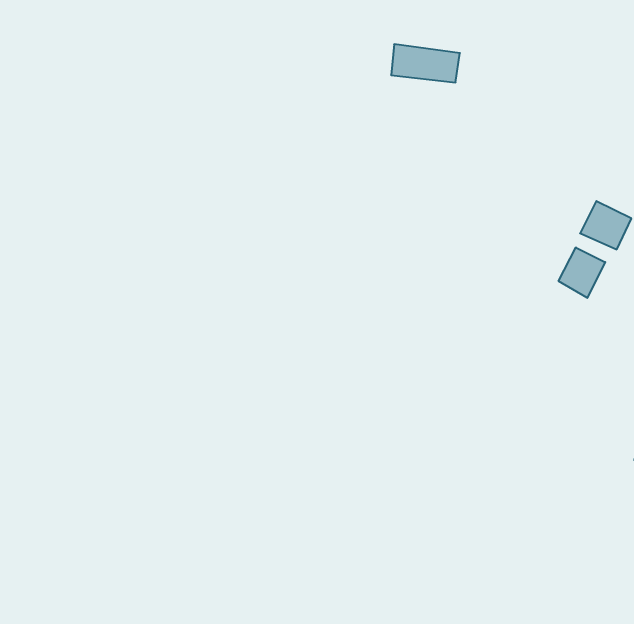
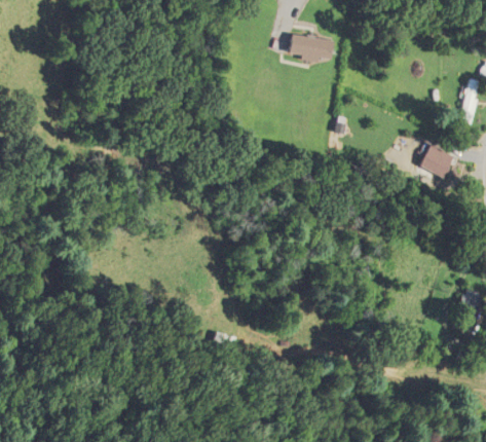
building: [559,247,605,298] -> none

